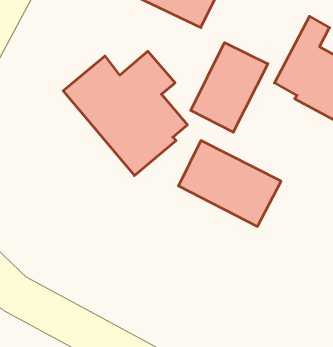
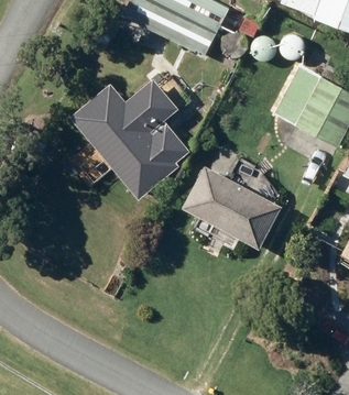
building: [191,43,268,132] -> none

